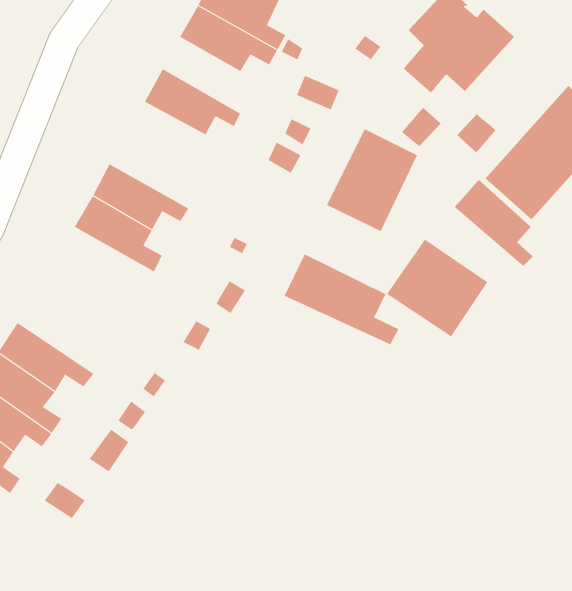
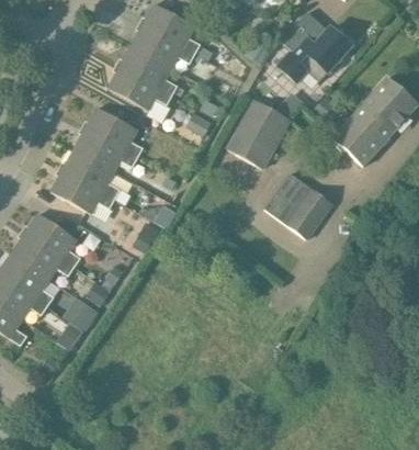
building: none -> [120,44,178,94]
building: none -> [84,105,143,157]
building: [454,179,534,267] -> none
building: none -> [50,169,114,212]
building: [284,253,399,345] -> none
building: none -> [24,212,80,266]

